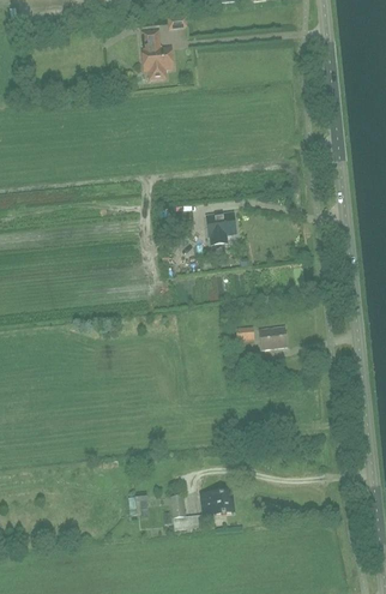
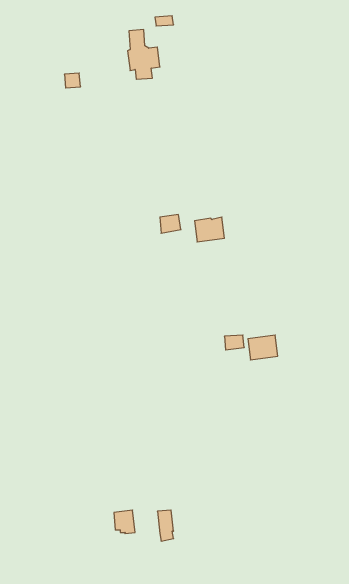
building: [201,491,233,514] -> none

